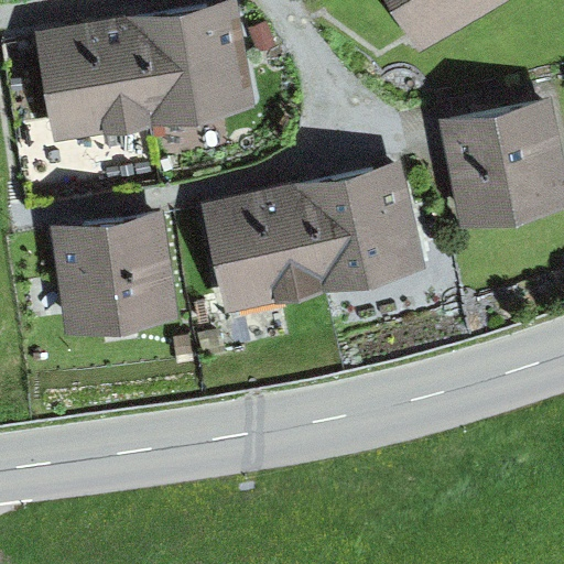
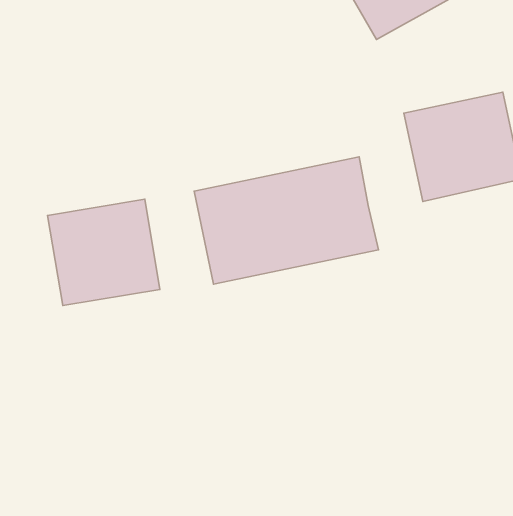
building: [32,9,228,127] -> none

